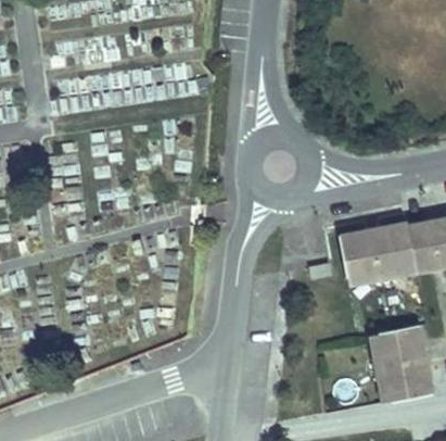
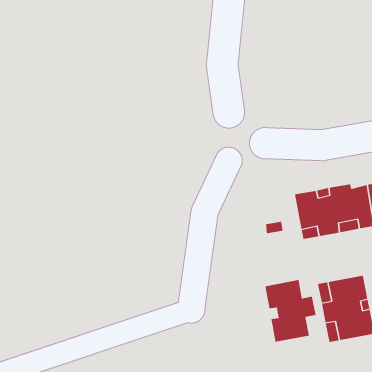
building: none -> [265,279,316,343]

